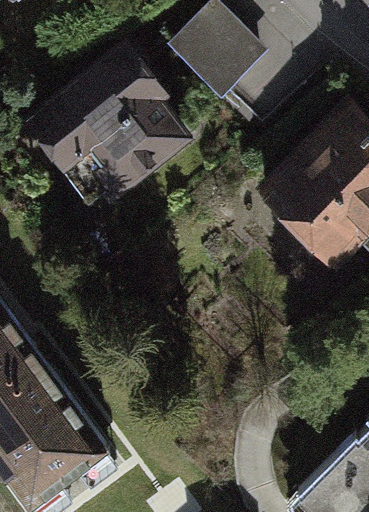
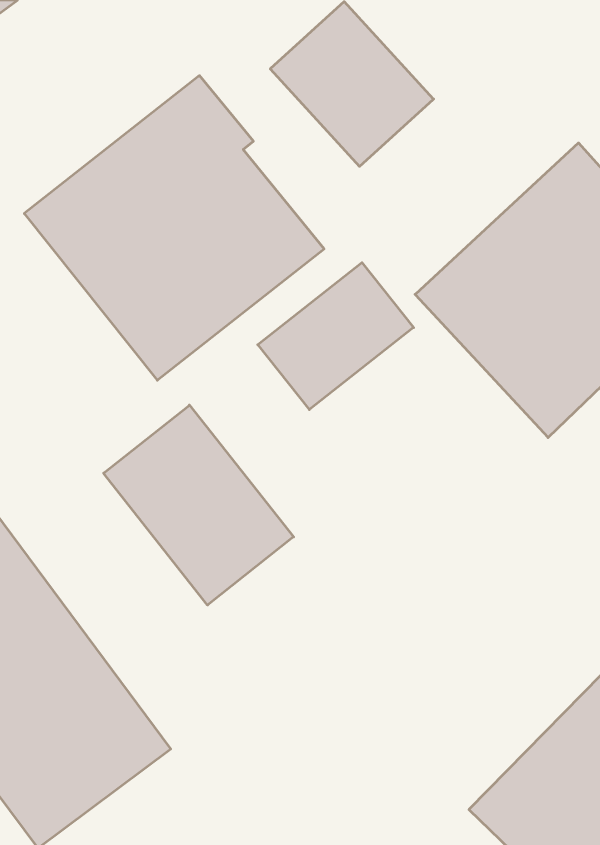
building: none -> [258,263,414,410]
building: none -> [104,405,294,605]

